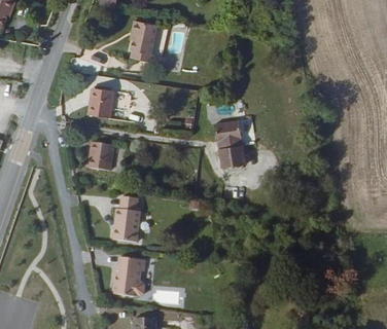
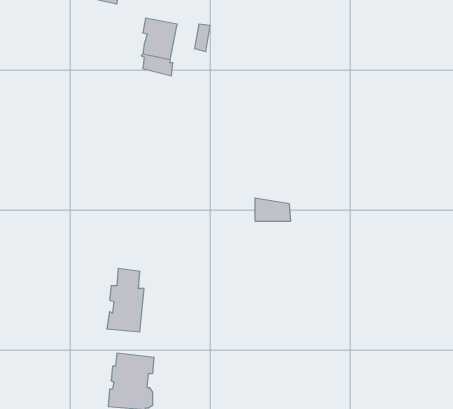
building: [90,85,115,115] -> none
building: [214,120,240,151] -> none
building: [91,140,115,169] -> none

